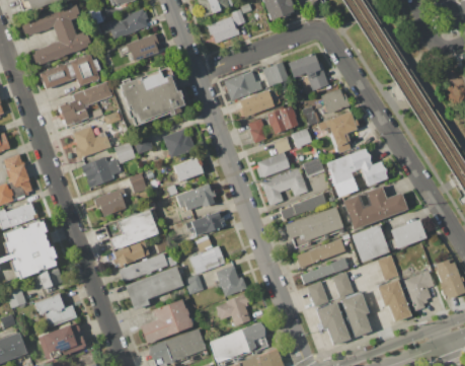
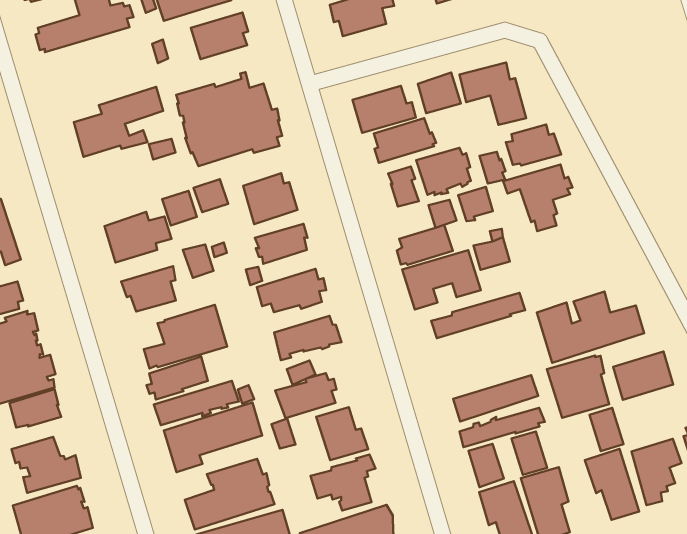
building: [38,54,100,89] -> none
building: [72,126,111,159] -> none
building: [326,148,387,197] -> none
building: [281,206,344,247] -> none

